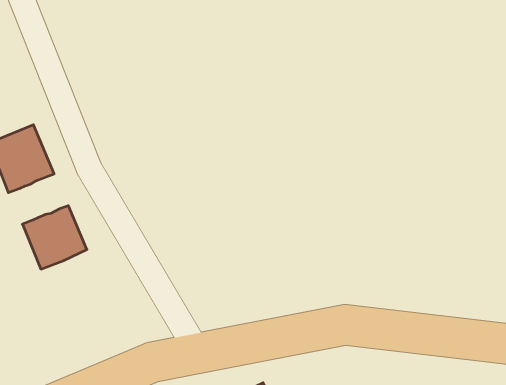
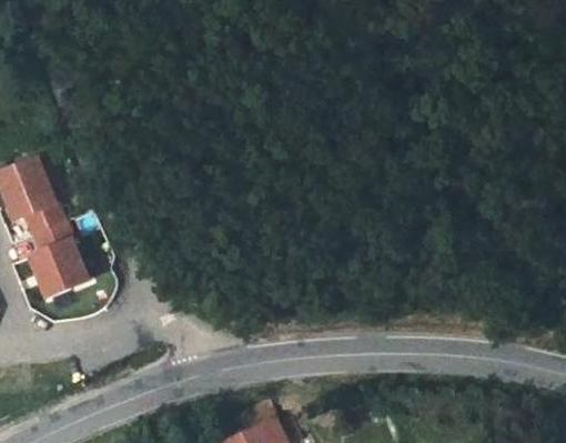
building: none -> [23,202,72,249]

